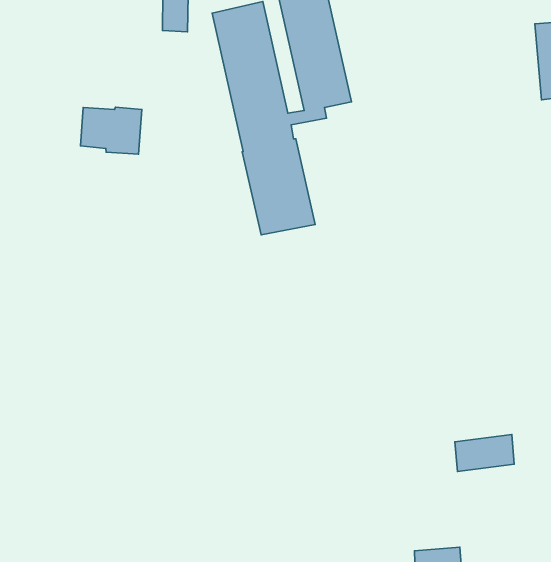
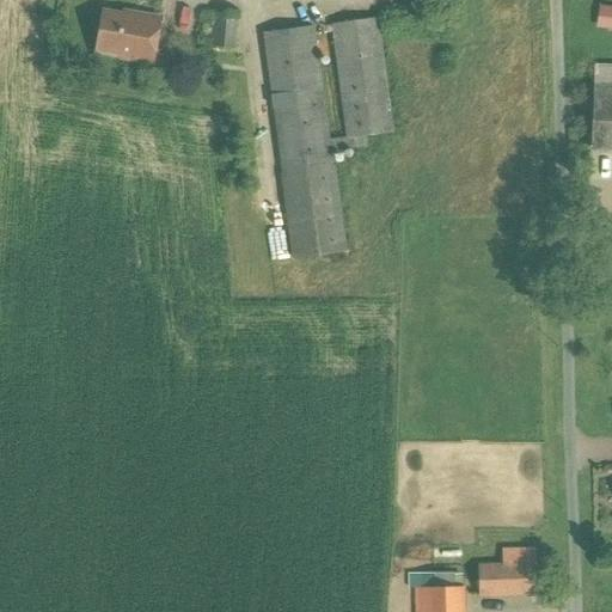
building: [80,107,142,154] -> [96,10,160,61]
building: [455,435,514,471] -> [481,562,538,594]

